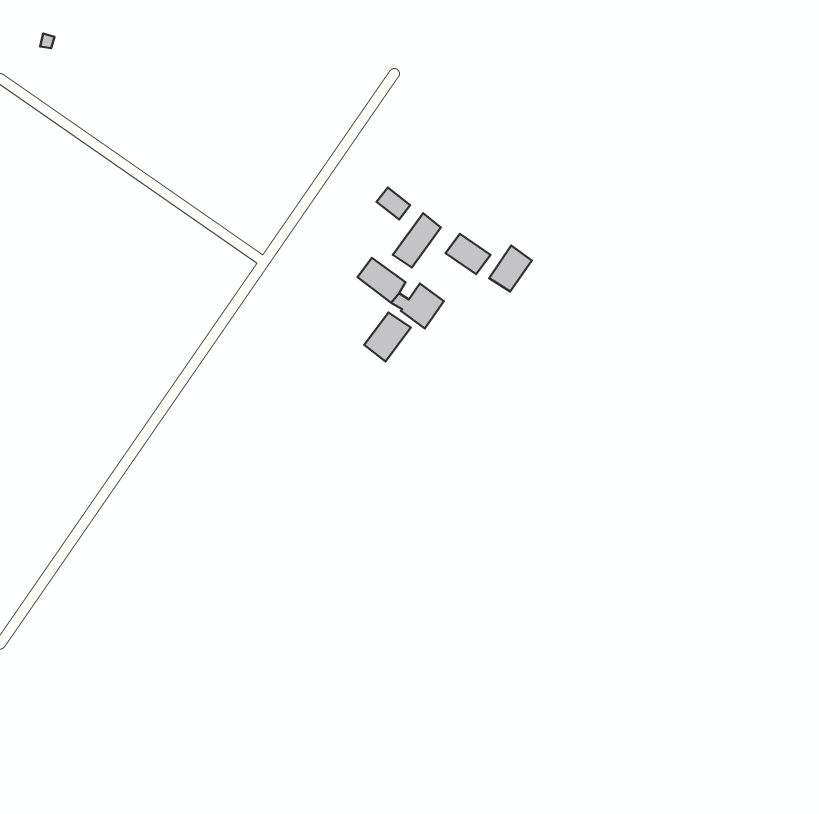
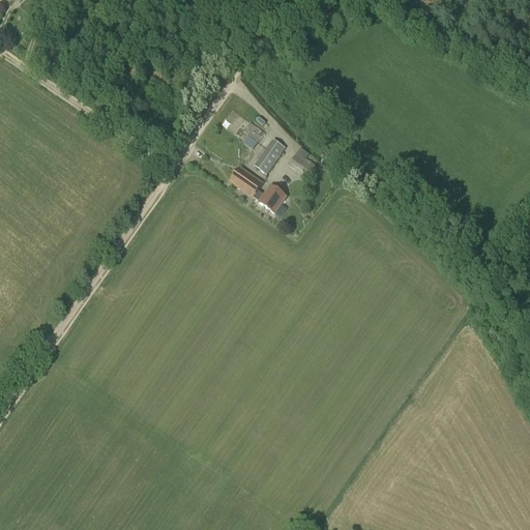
building: [489,246,532,291] -> none
building: [364,312,411,362] -> none

